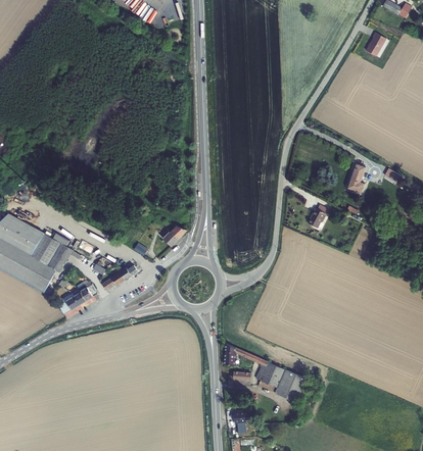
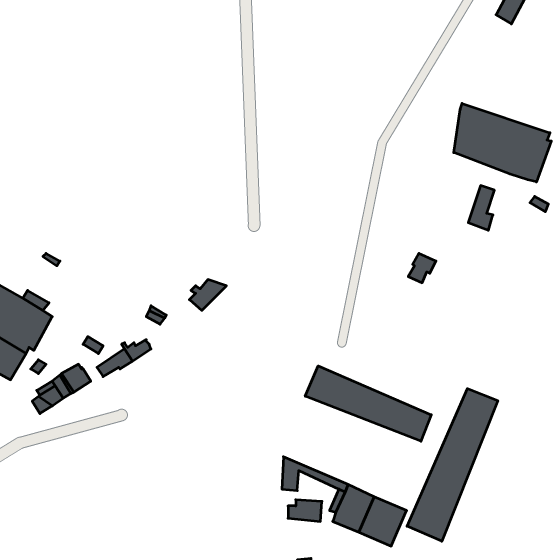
building: none -> [454,103,551,182]
building: none -> [305,366,431,441]
building: none -> [407,389,498,541]

